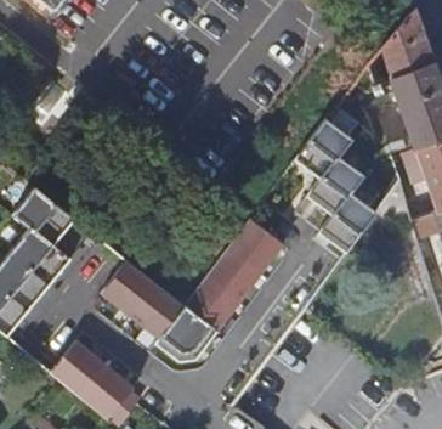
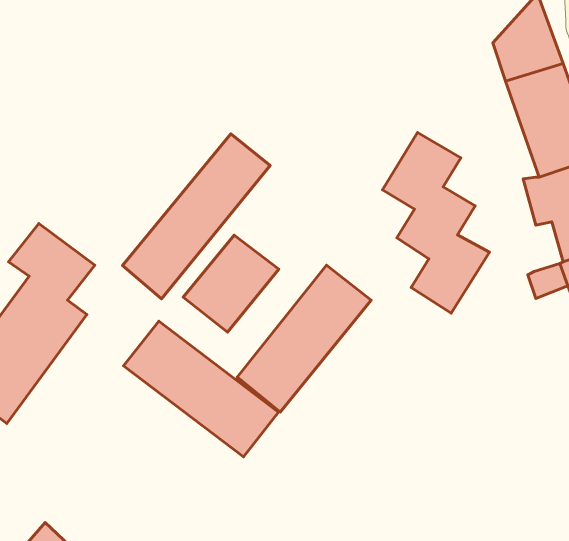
building: none -> [122,134,270,299]
building: none -> [183,235,279,332]
building: [50,337,136,419] -> none

